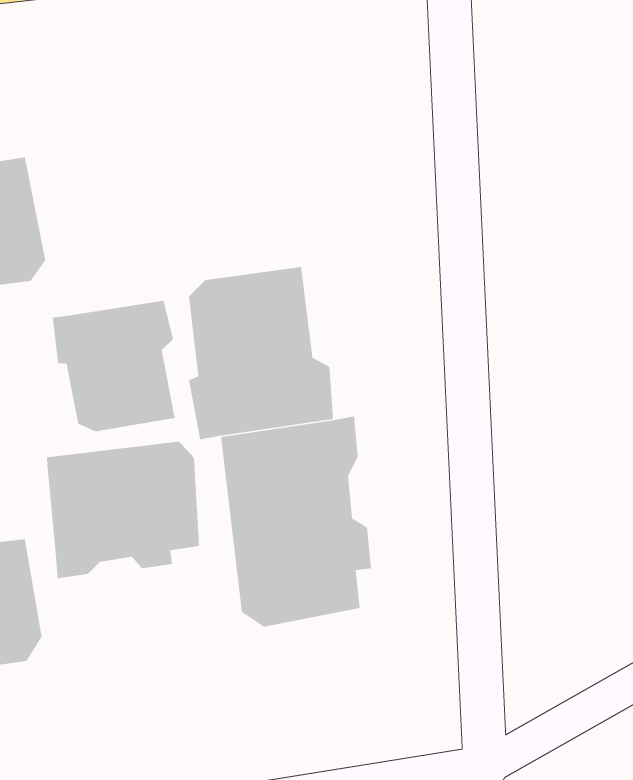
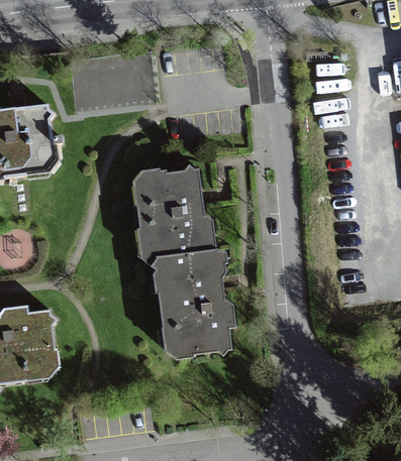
building: [52,300,175,432] -> none
building: [46,441,200,579] -> none

